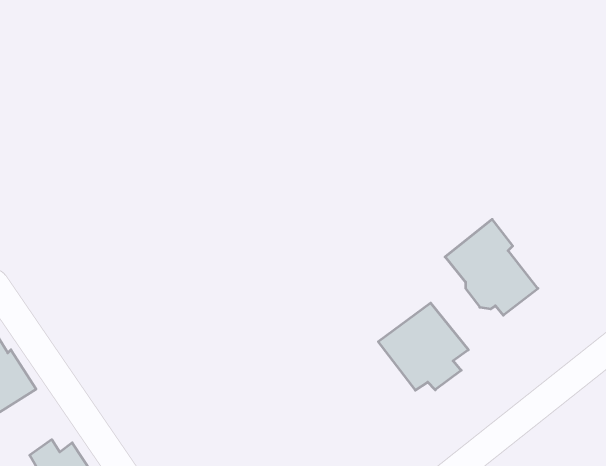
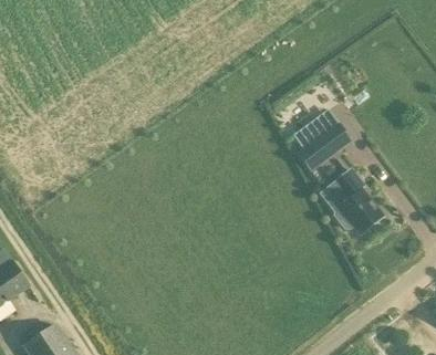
building: none -> [292,108,353,173]
building: [378,303,468,390] -> none

